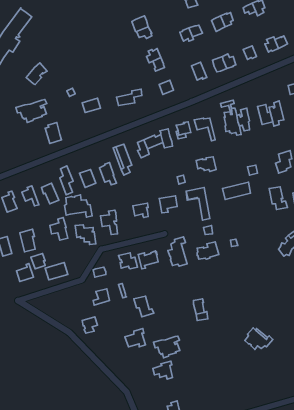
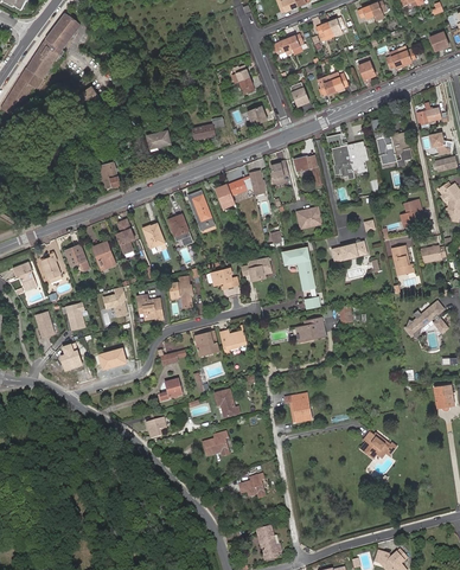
building: [16,100,47,123] -> none
building: [65,195,92,217] -> none
building: [168,237,187,266] -> none
building: [154,336,180,358] -> none

